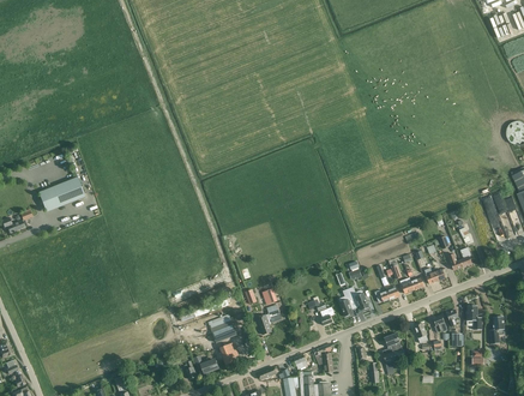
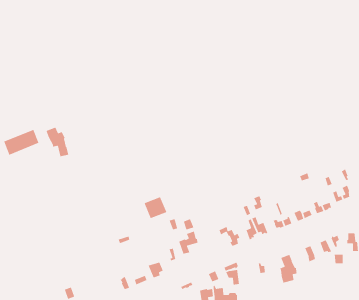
building: none -> [46,126,69,157]
building: [207,313,237,342] -> [143,196,167,219]

